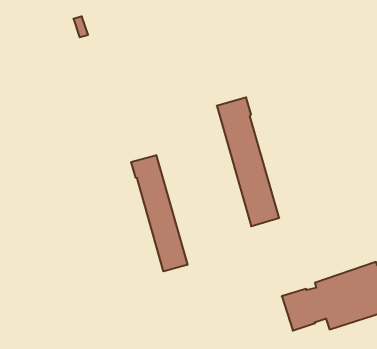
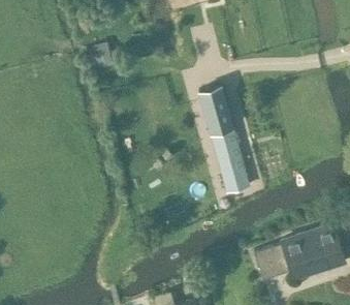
building: [131,155,187,271] -> none

